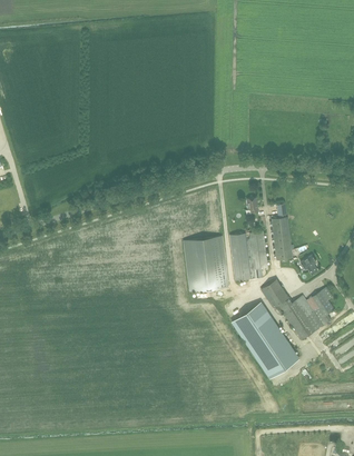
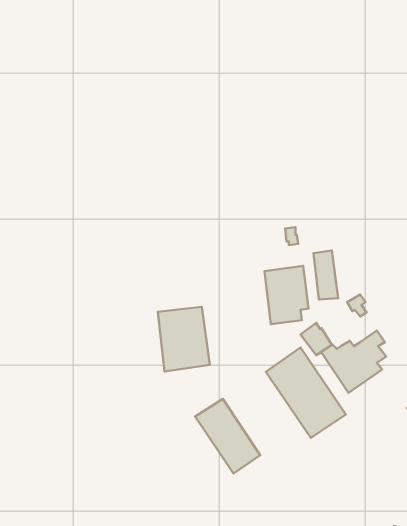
building: [184,236,228,291] -> [158,307,210,371]
building: none -> [195,399,260,474]

